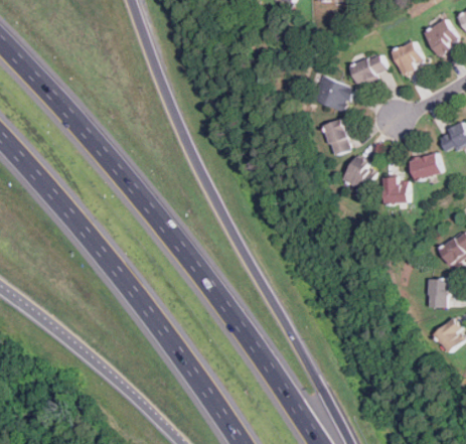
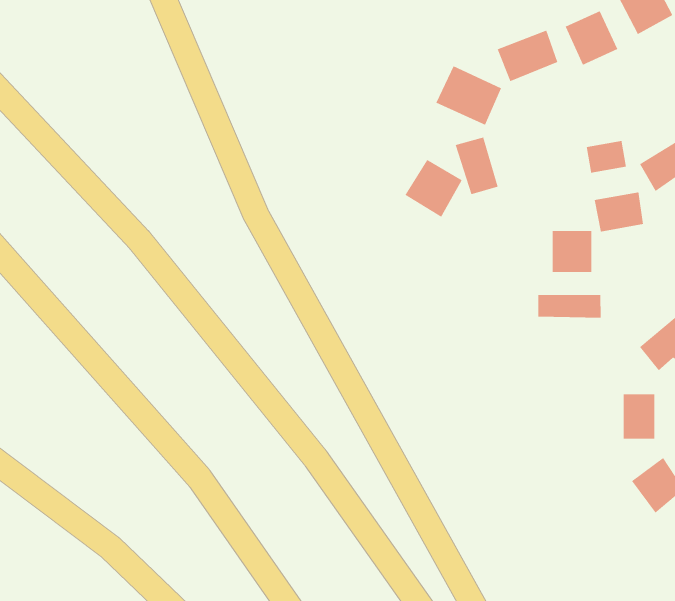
building: none -> [586,140,627,173]
building: [340,156,376,192] -> [404,159,463,217]
building: none -> [538,294,601,318]

